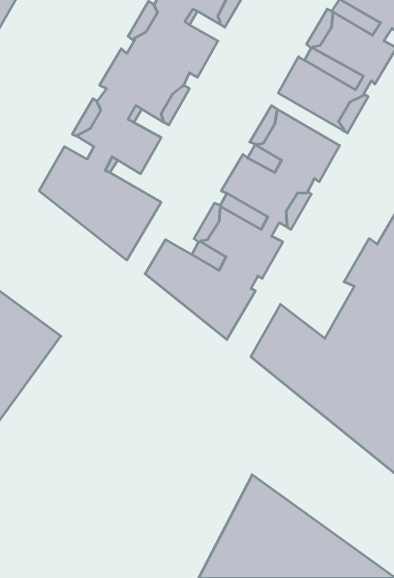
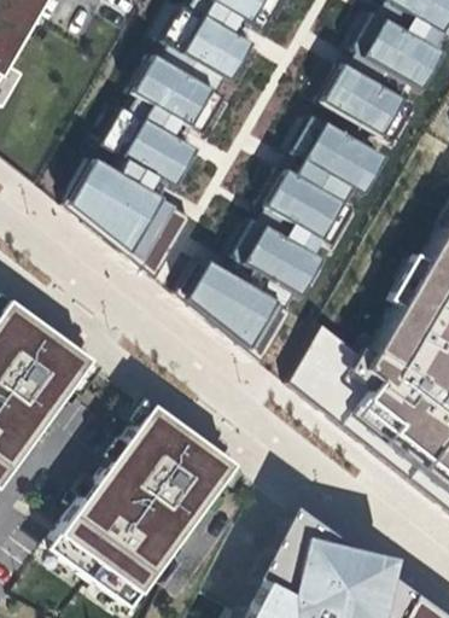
building: none -> [48,403,234,606]

